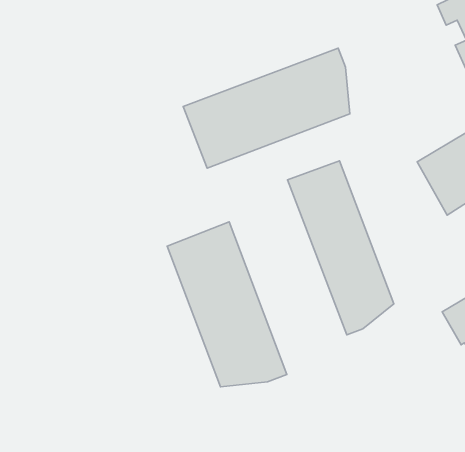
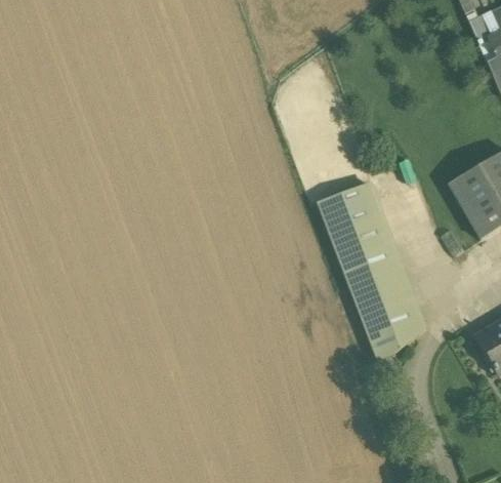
building: [183,48,350,168] -> none
building: [167,222,287,387] -> none

